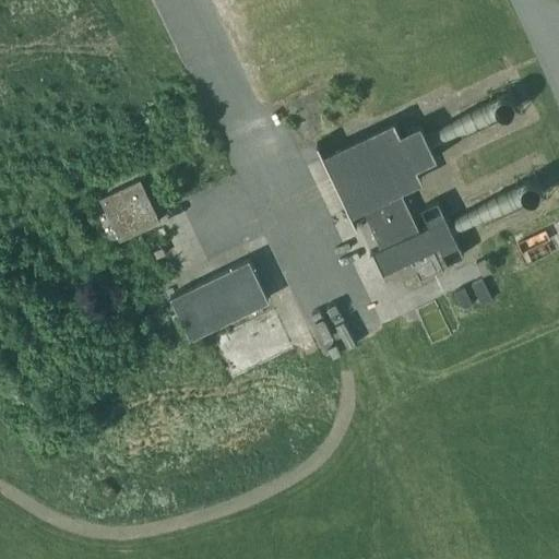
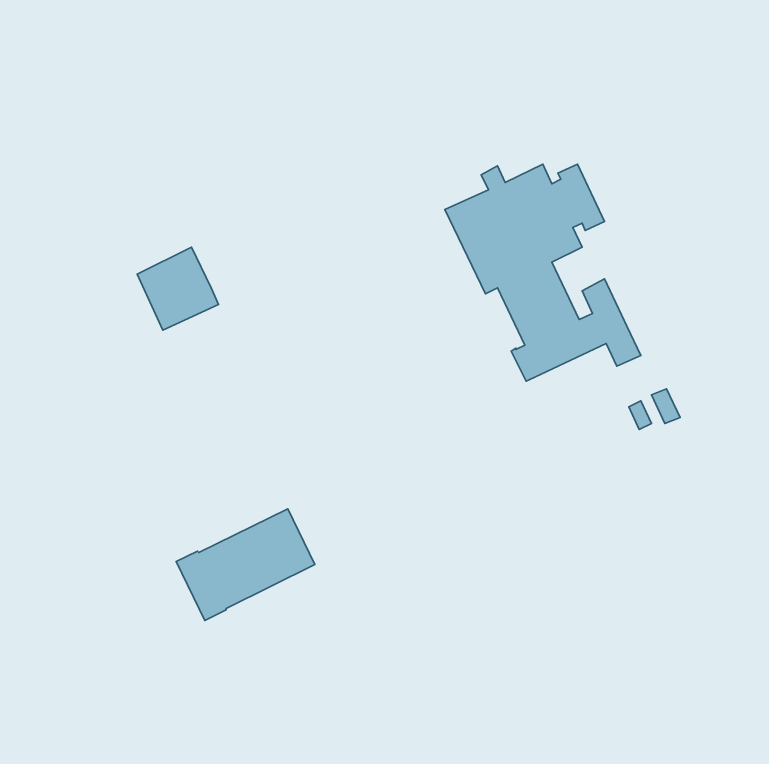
building: [168,262,269,343] -> [176,509,315,620]

